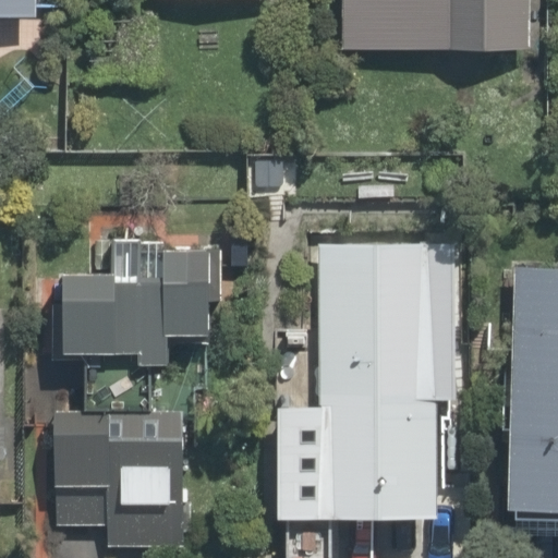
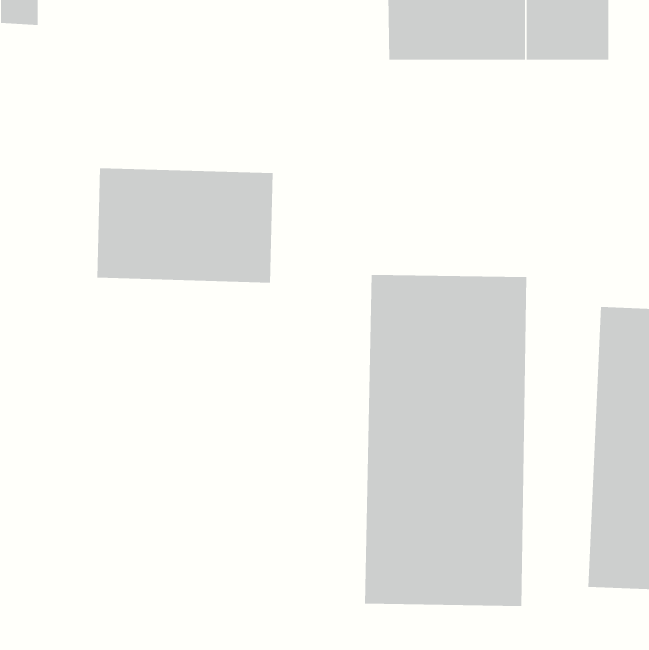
building: [58,266,208,364] -> [96,168,273,283]
building: [58,412,185,547] -> none

